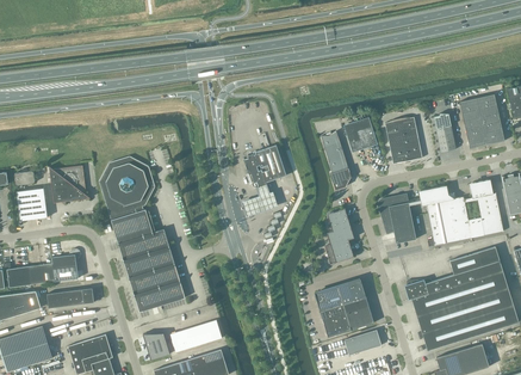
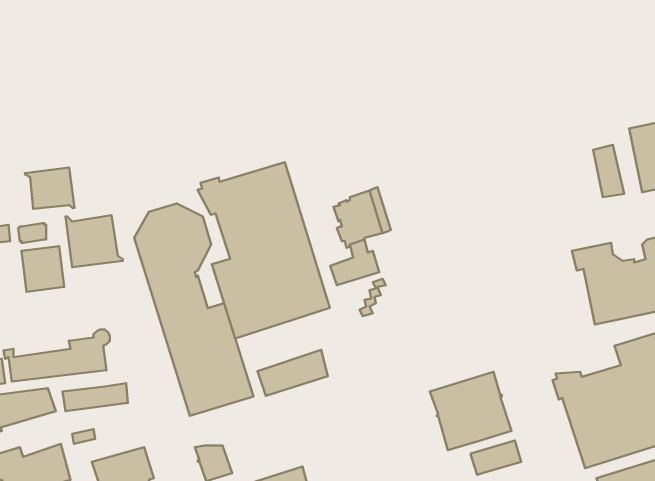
building: [385,117,422,164] -> none
building: [346,119,376,150] -> none
building: none -> [197,162,330,339]
building: none -> [25,167,74,209]
building: [321,131,352,190] -> none
building: [378,193,416,244] -> none
building: [324,209,359,265] -> none
building: [170,319,222,352] -> [258,350,328,396]

